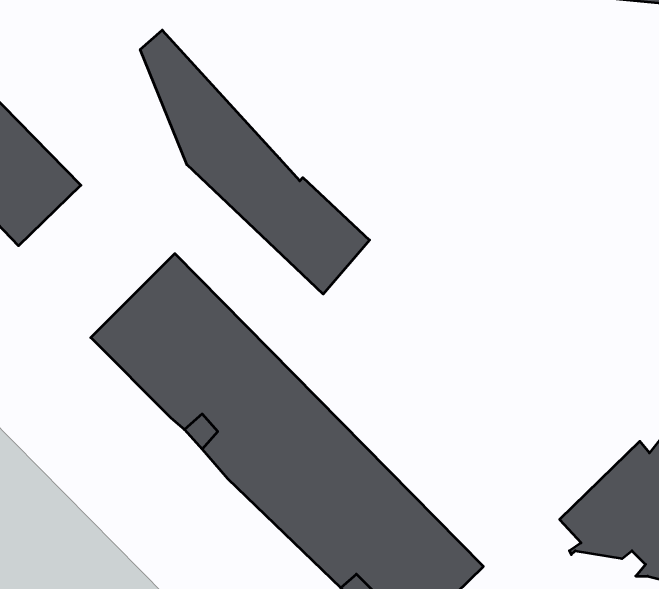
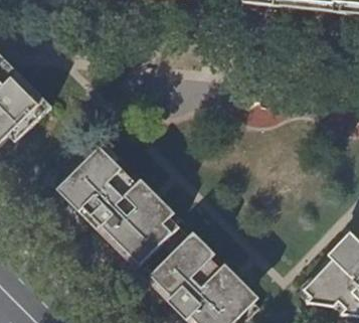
building: [140,30,370,294] -> none

